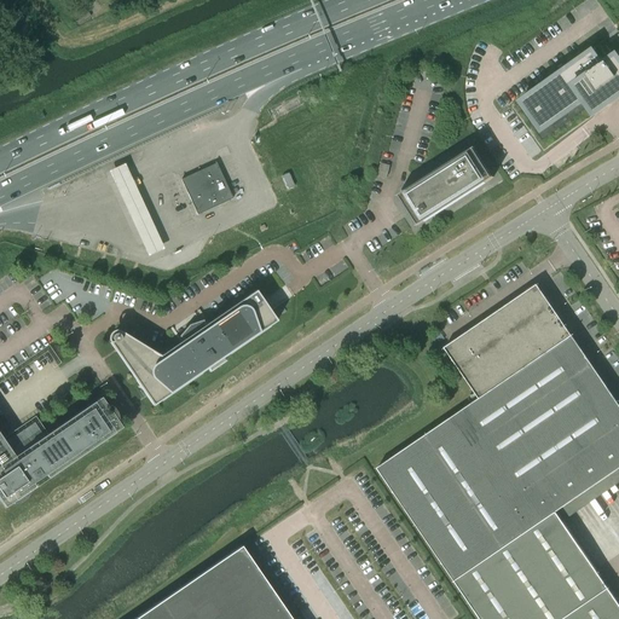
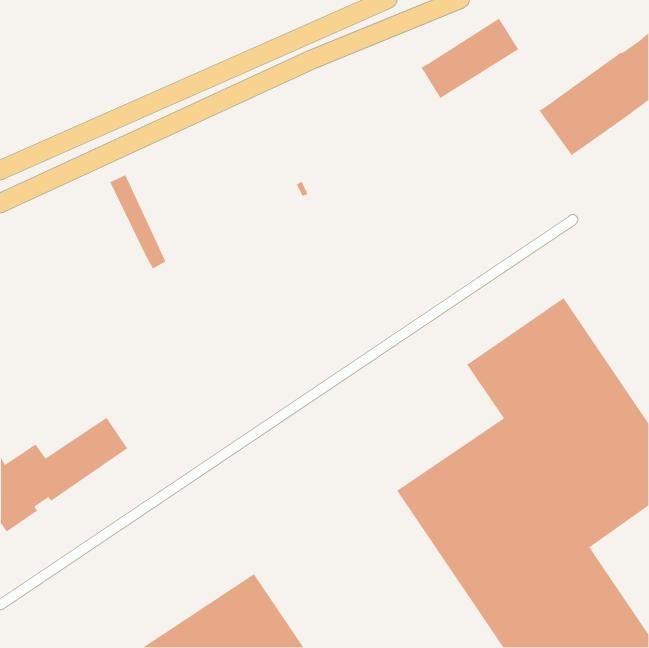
building: [398,146,493,225] -> [420,17,520,100]
building: [180,162,233,214] -> none
building: [109,289,277,405] -> none

